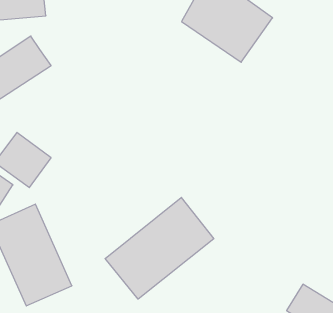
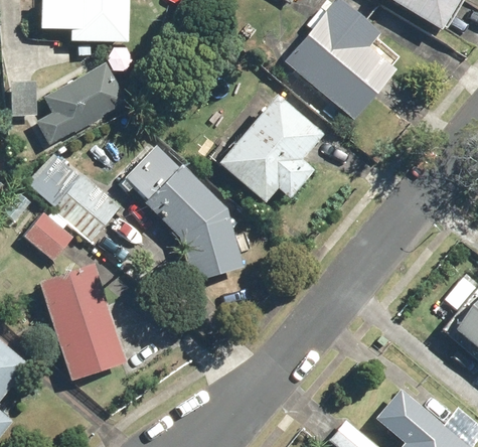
building: none -> [219,93,319,197]
building: none -> [127,147,240,280]
building: [105,197,214,299] -> none

